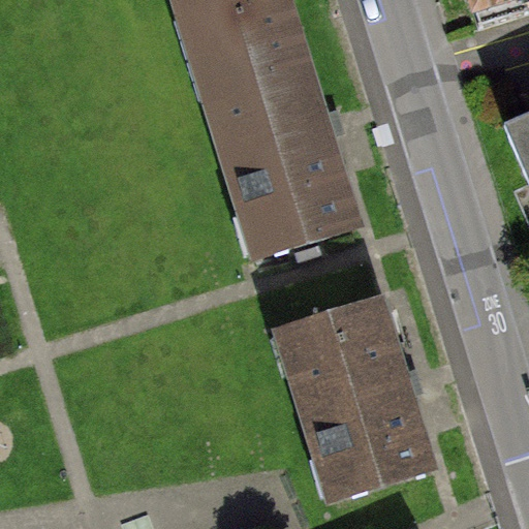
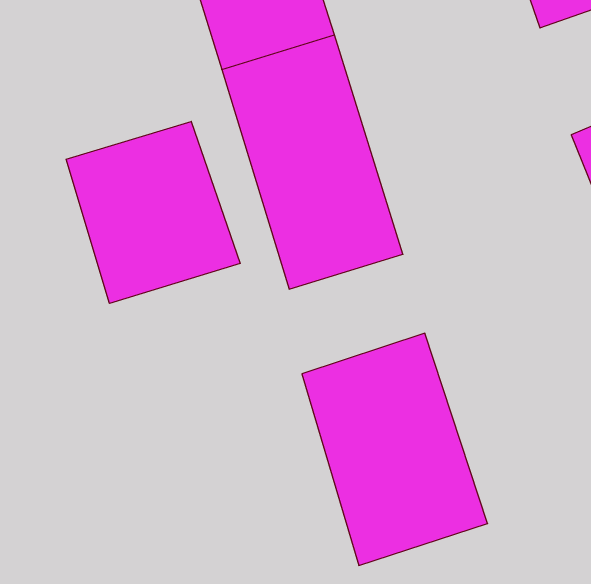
building: none -> [66,121,240,303]

